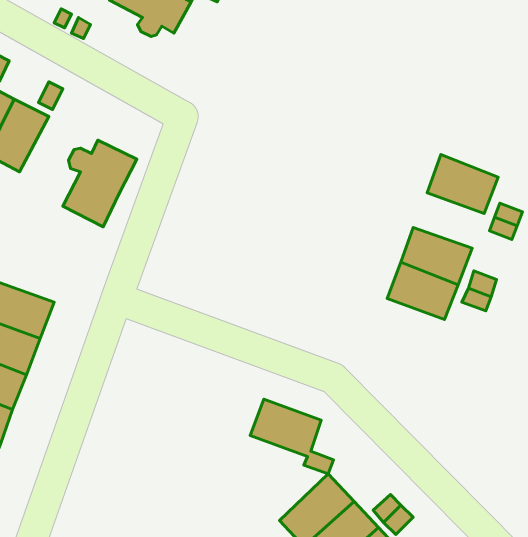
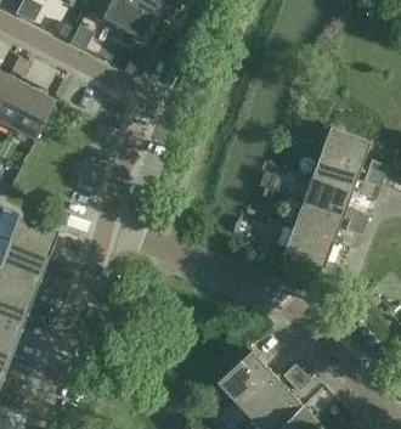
building: [63,140,137,227] -> none
building: none -> [310,153,360,192]
building: [250,399,333,474] -> [282,227,340,280]

